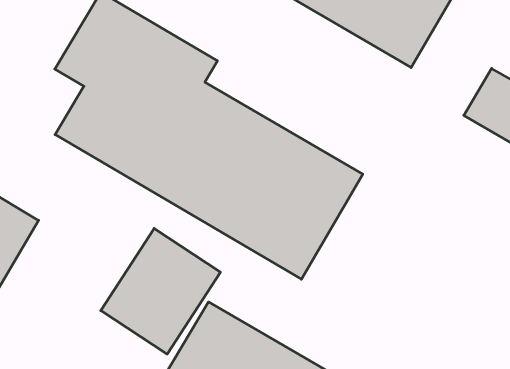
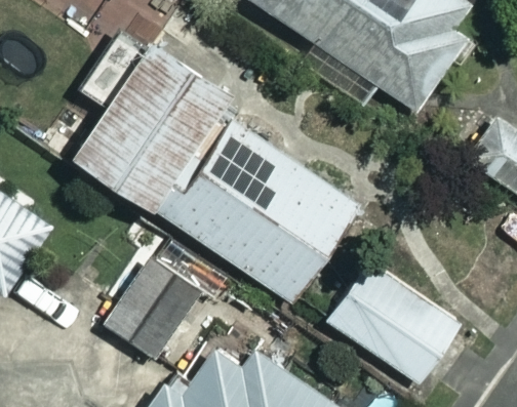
building: none -> [326,261,461,384]

